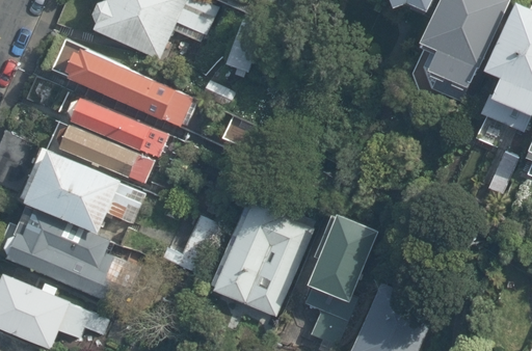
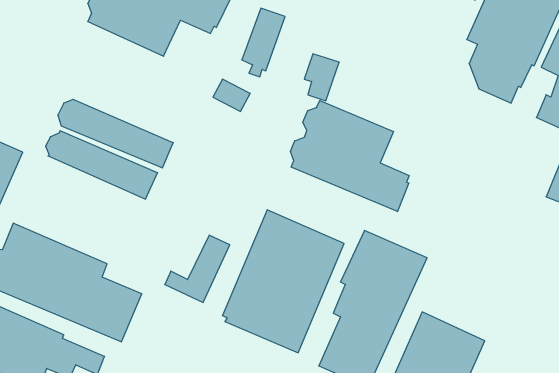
building: [65,45,196,120] -> none
building: none -> [291,100,409,212]
building: [23,147,144,234] -> none

